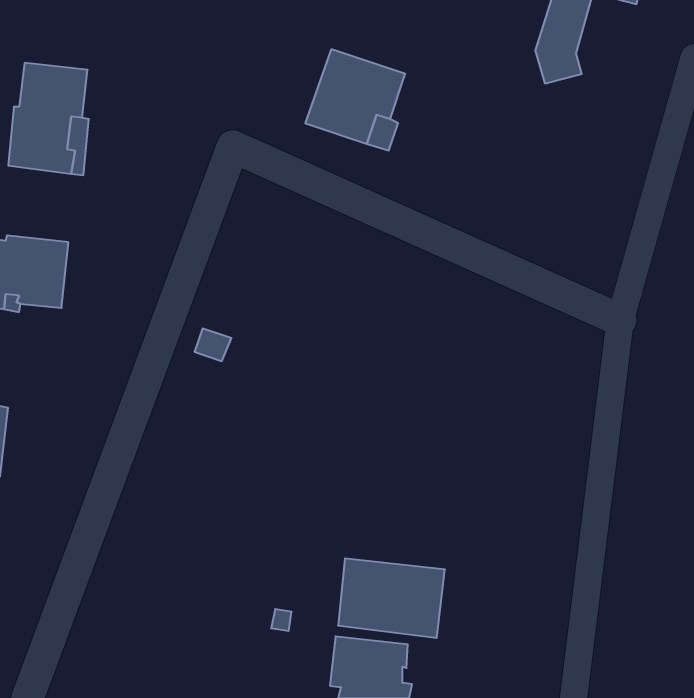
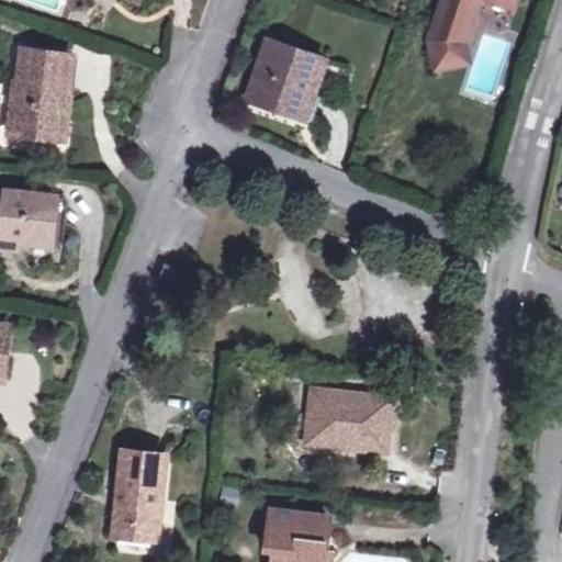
building: [338,558,445,638] -> [305,389,391,452]
building: none -> [112,450,164,538]

